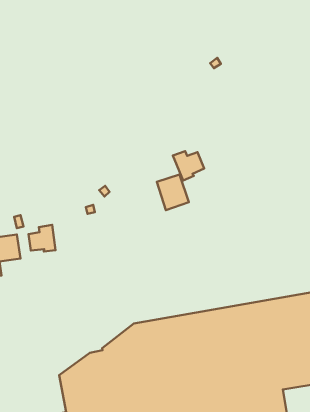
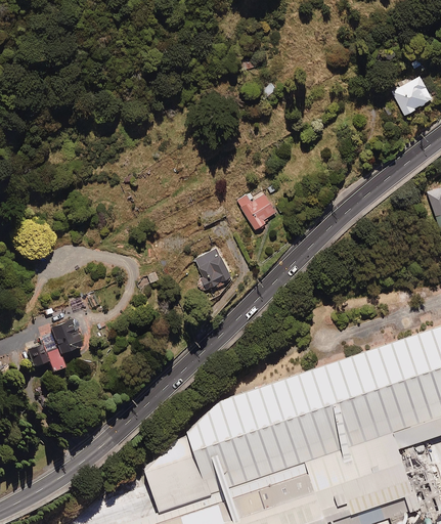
building: [157,175,189,210] -> [193,249,233,292]
building: [28,225,56,252] -> none

